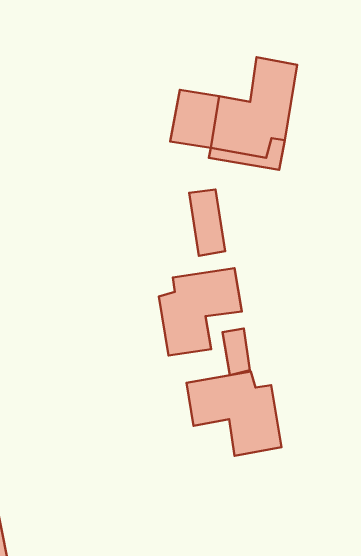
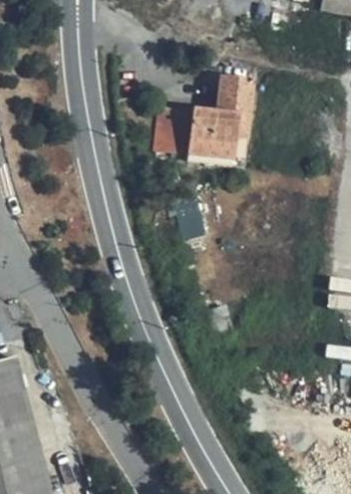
building: [159,268,242,355] -> none
building: [186,371,282,456] -> none

